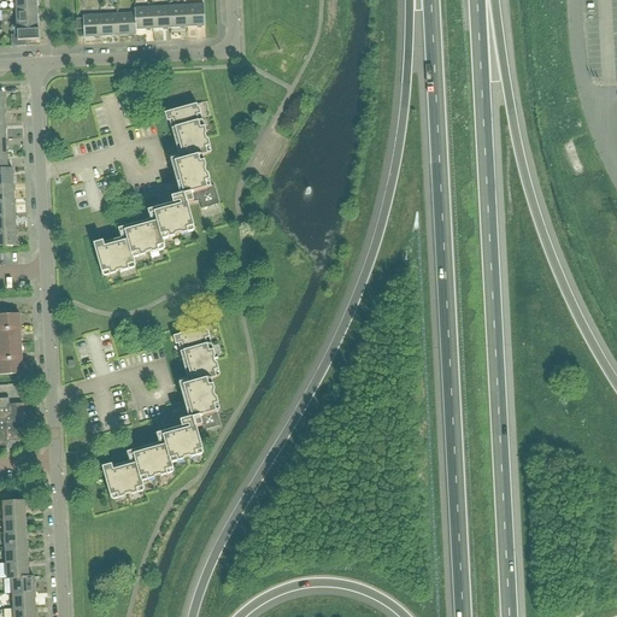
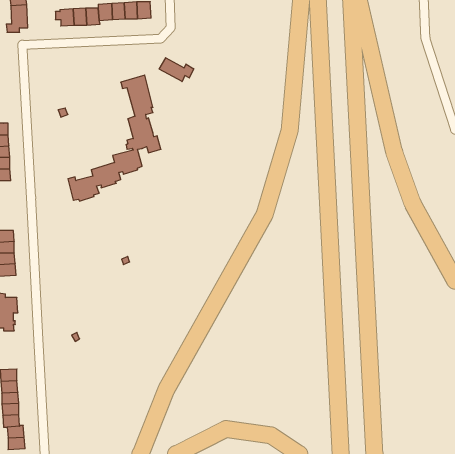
building: none -> [159,58,194,82]
building: [100,324,218,494] -> none

